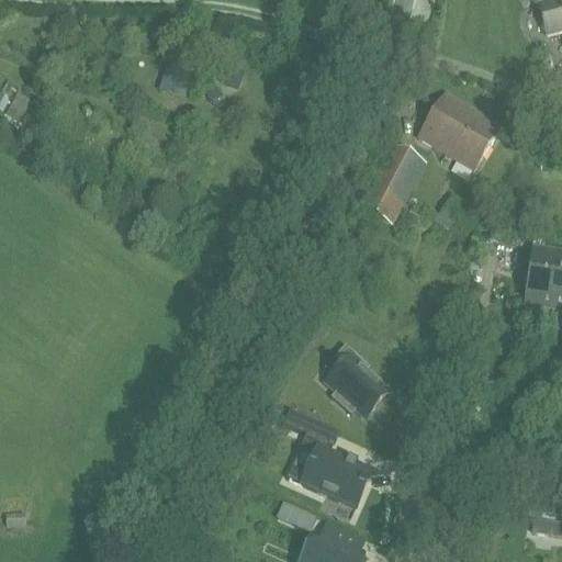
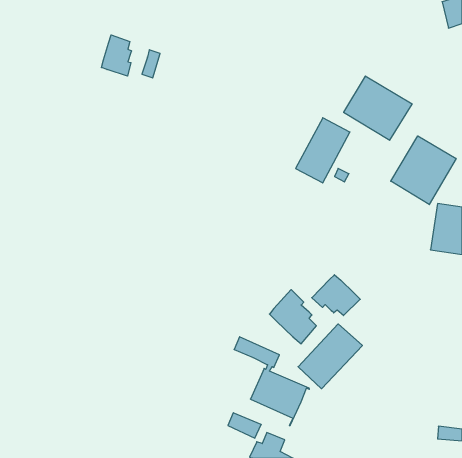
building: none -> [101,35,131,76]
building: none -> [391,136,456,205]
building: none -> [312,275,360,316]
building: none -> [298,324,362,389]

